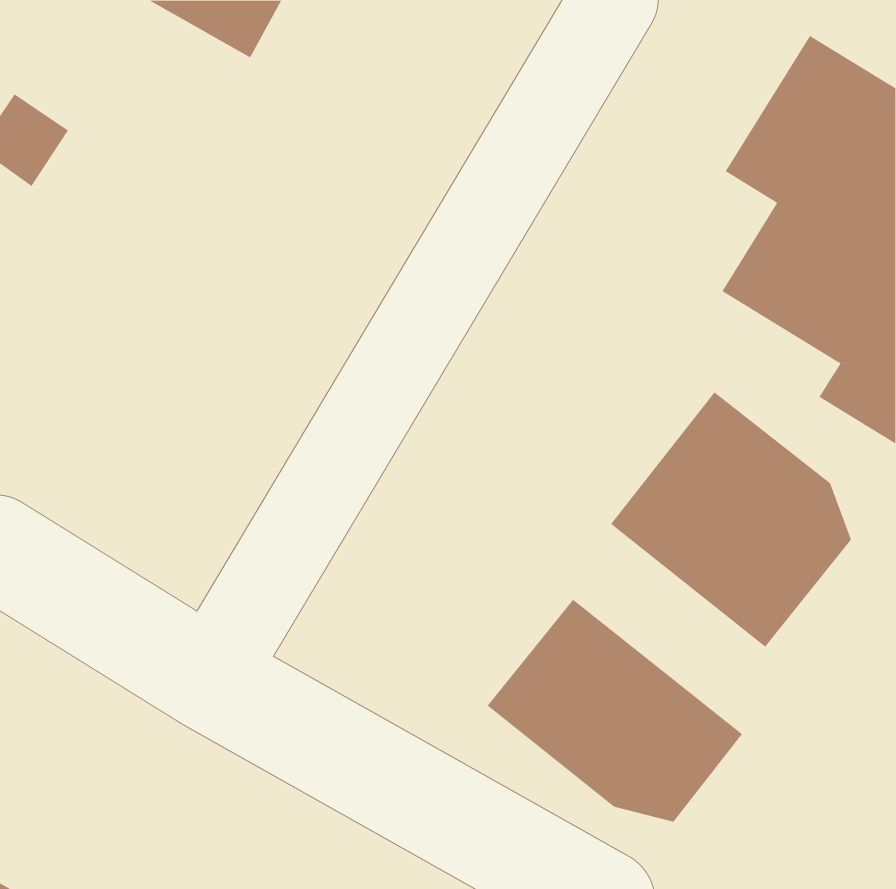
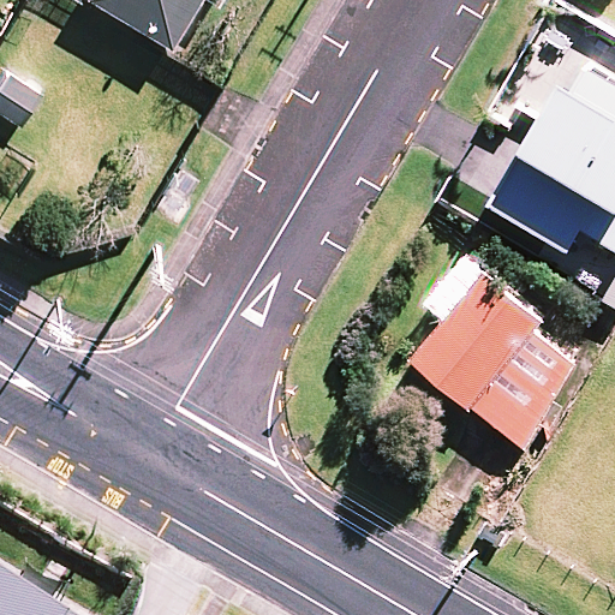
building: [487,599,743,823] -> none

